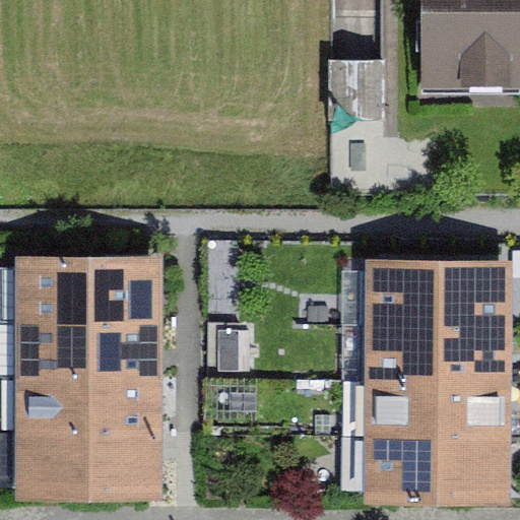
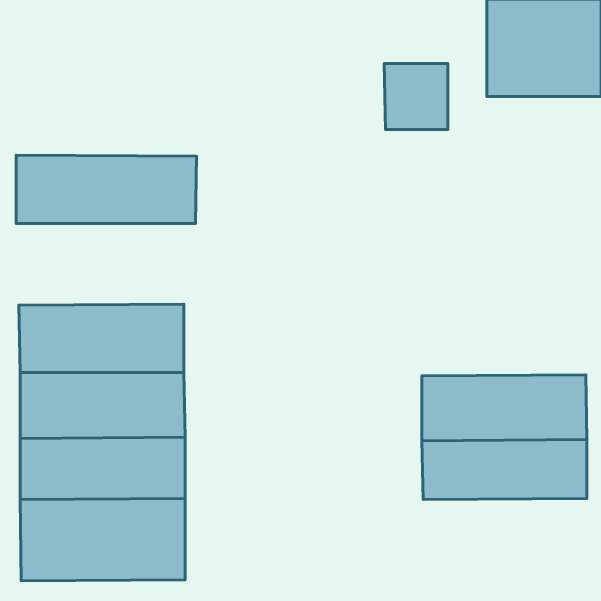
building: none -> [16,155,197,223]
building: [364,261,505,324] -> none
building: [365,430,506,502] -> none

